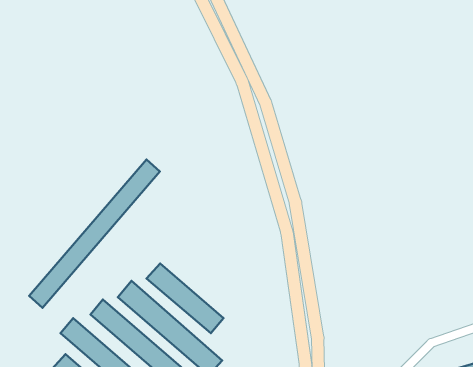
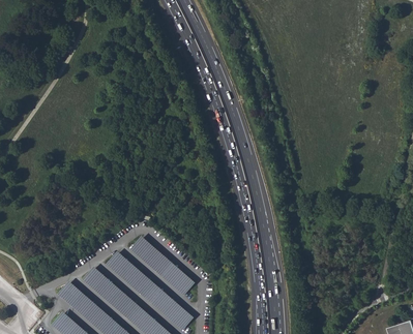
building: [29,160,160,308] -> none

